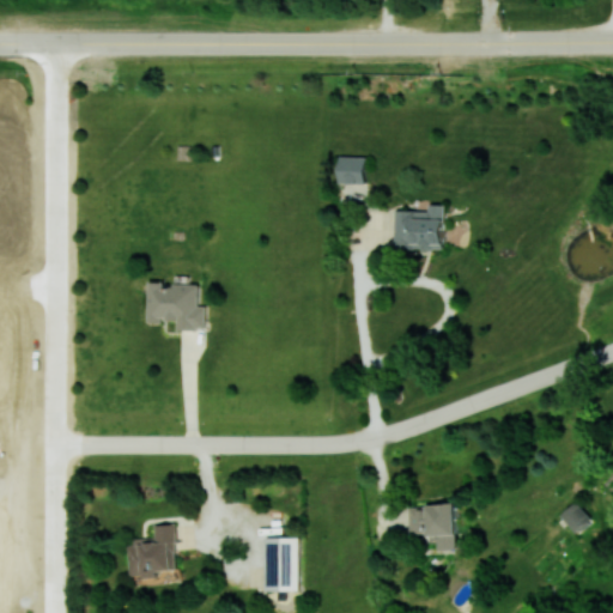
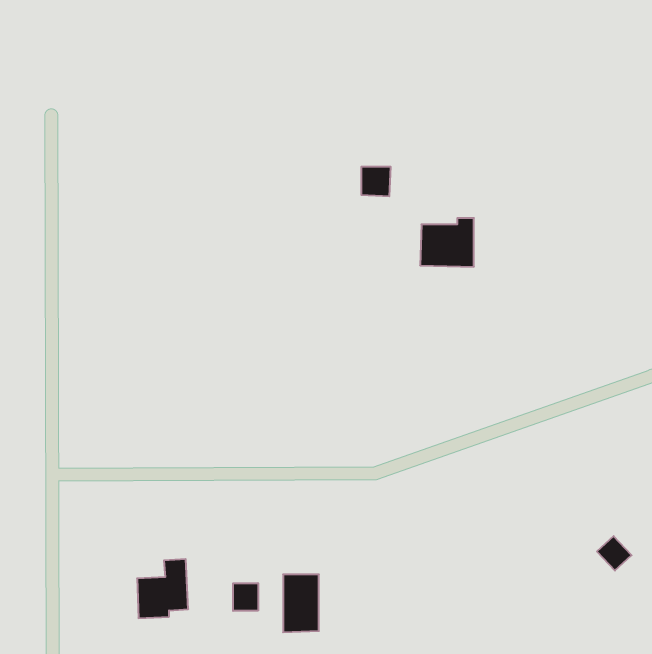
building: [146,283,205,330] -> none
building: [407,504,456,551] -> none
building: none -> [233,583,258,611]

